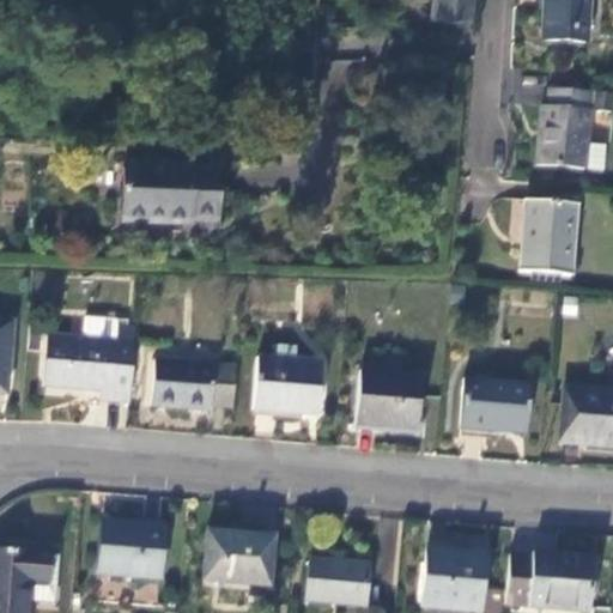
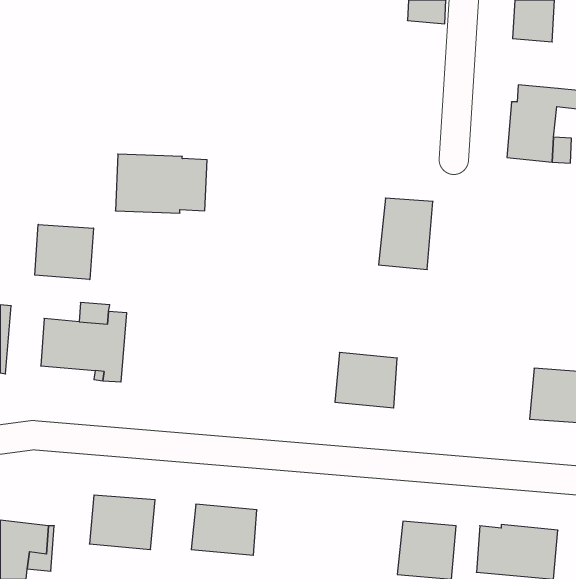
building: [521,202,578,278] -> [379,198,433,269]
building: none -> [35,224,93,280]
building: [254,358,324,417] -> none
building: [152,362,238,412] -> none
building: [462,380,532,435] -> none
building: [308,562,370,606] -> none

